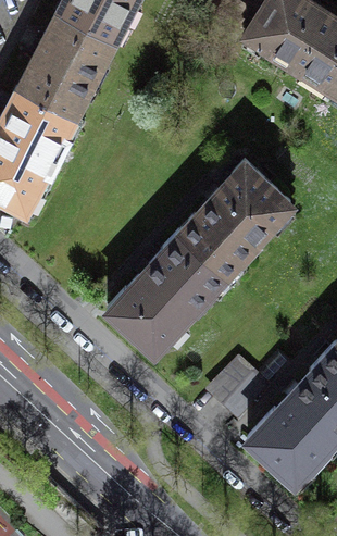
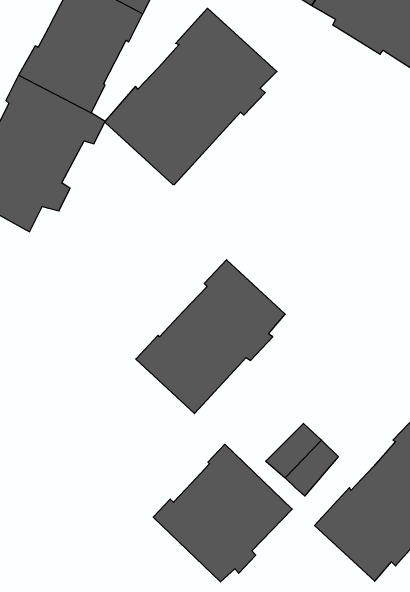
building: none -> [105,8,277,185]
building: [178,161,289,274] -> none
building: none -> [153,444,292,582]

